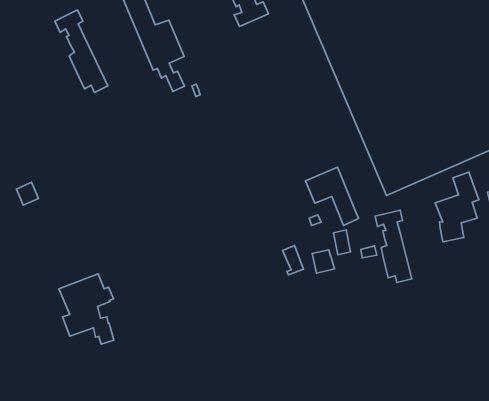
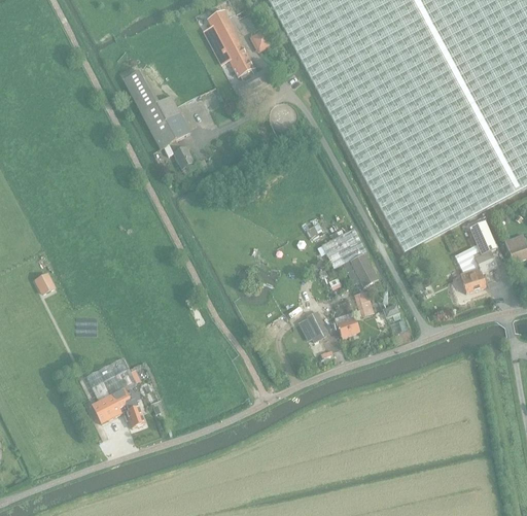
building: [55,10,108,92] -> none
building: [375,210,412,282] -> none

